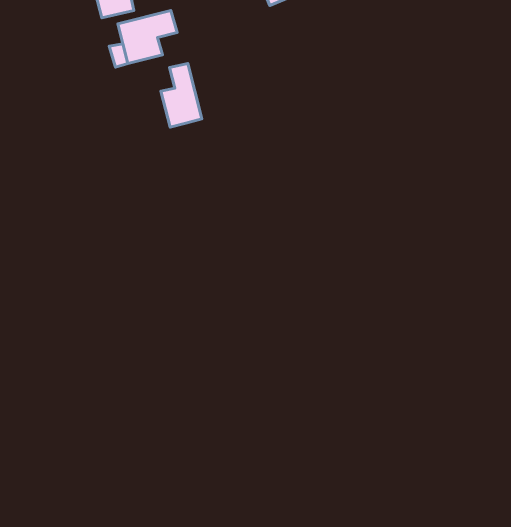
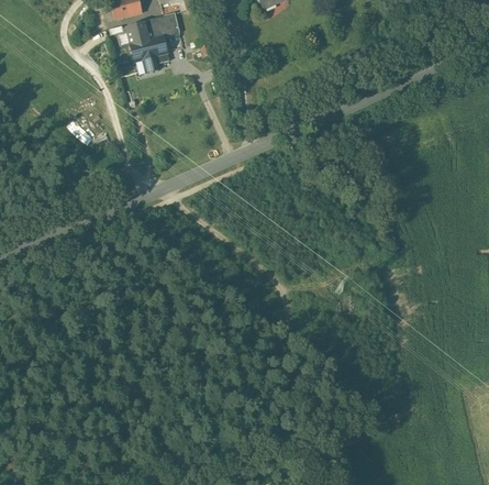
building: [161,64,202,127] -> none

